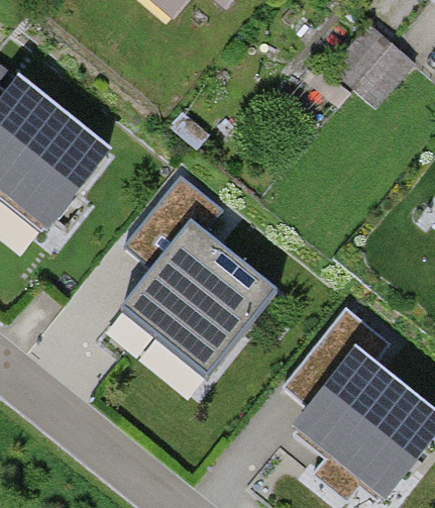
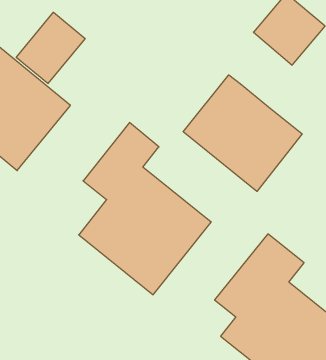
building: none -> [16,12,85,84]
building: none -> [183,75,302,191]

